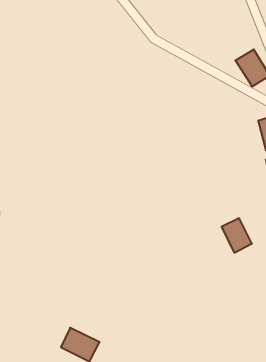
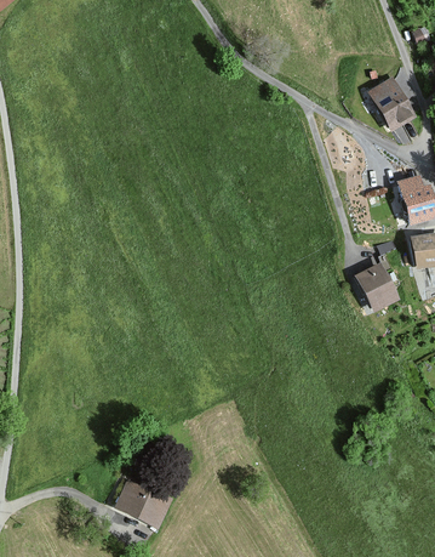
building: [222,218,252,253] -> [354,262,397,312]

